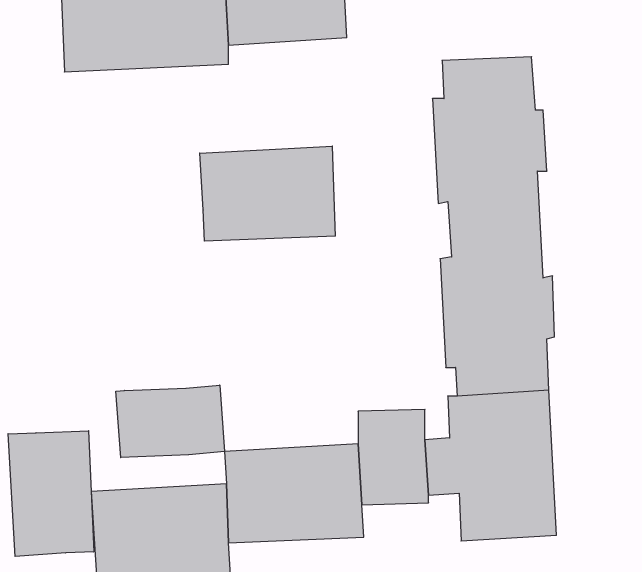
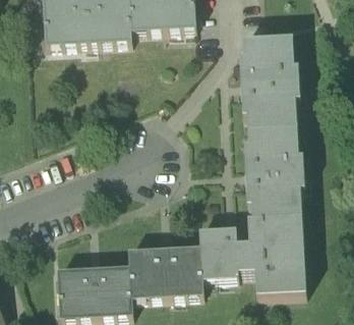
building: [200,146,335,241] -> none
building: [116,385,225,458] -> none
building: [8,431,94,556] -> none

